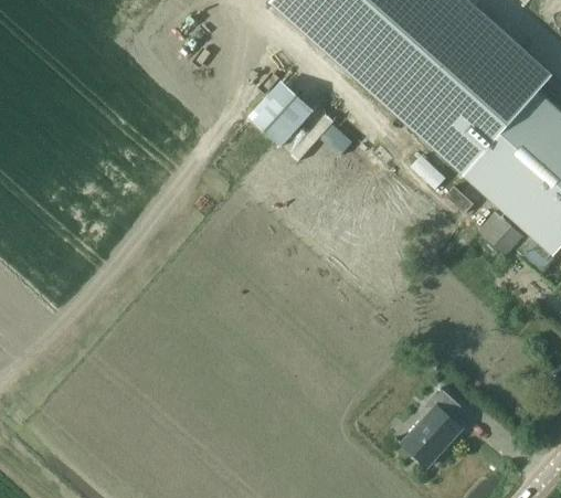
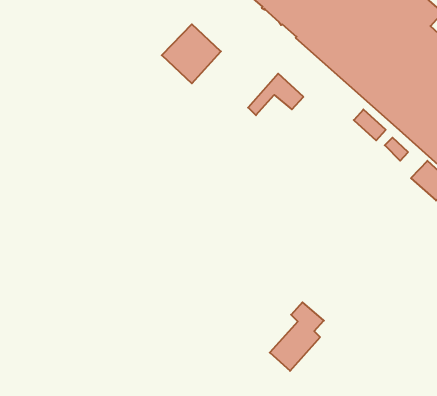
building: [248,77,316,145] -> [162,24,221,83]
building: [405,389,467,467] -> [270,302,324,371]

